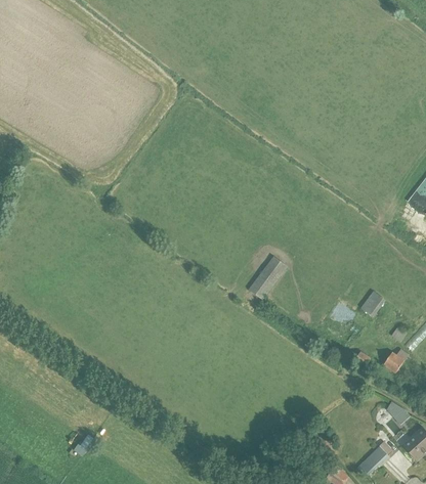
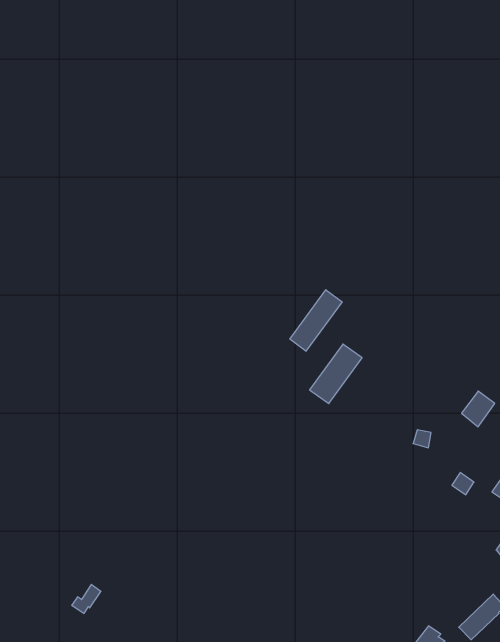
building: none -> [290,290,342,351]

